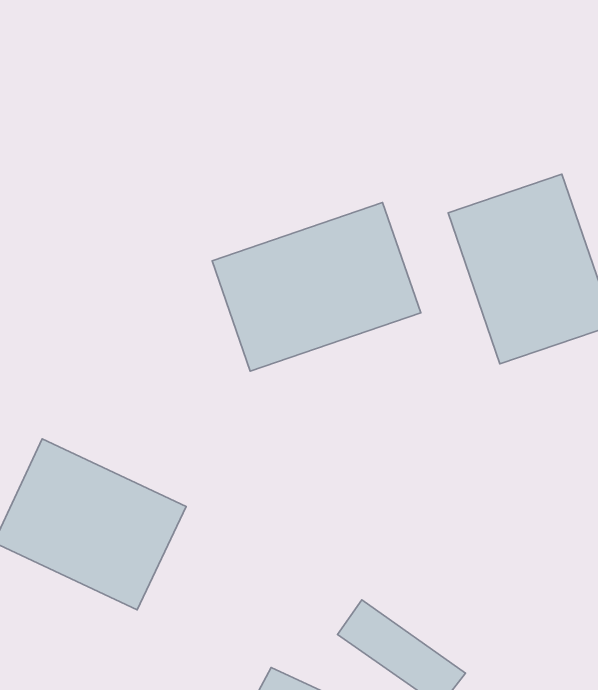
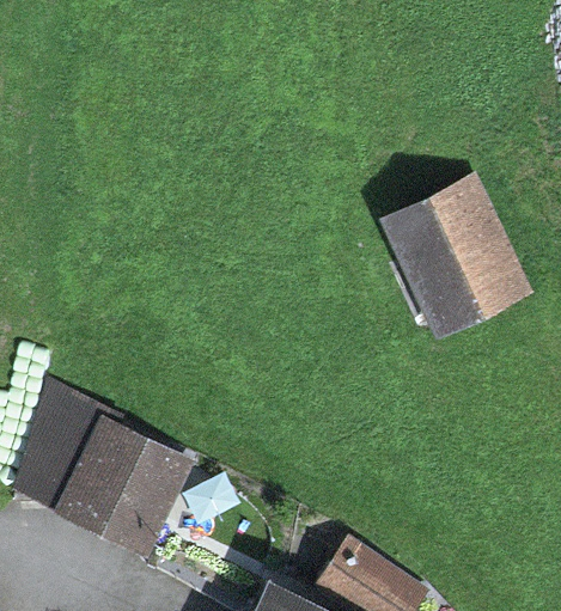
building: [212,202,421,371] -> none

